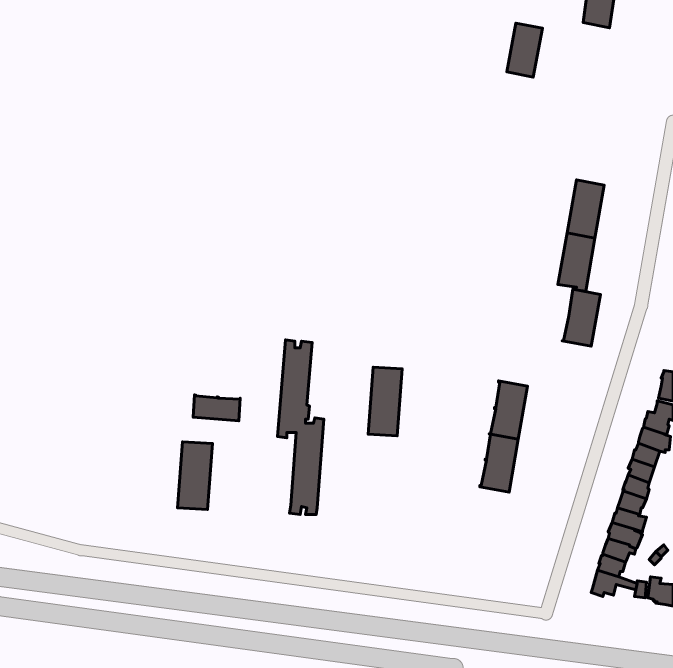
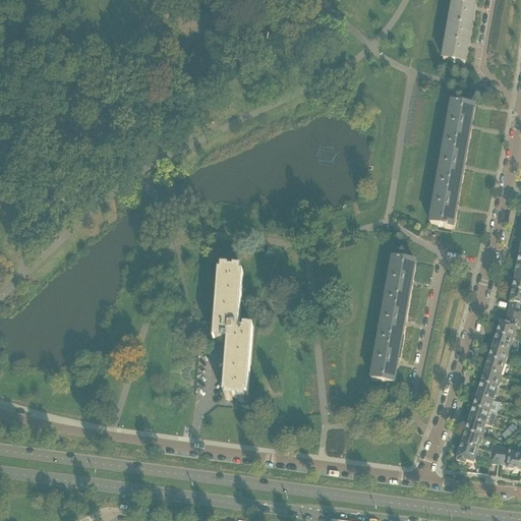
building: [507,23,542,77] -> [442,17,469,59]
building: none -> [444,98,472,142]
building: [562,289,601,346] -> [384,253,413,297]
building: [368,367,402,436] -> none
building: [193,395,240,421] -> none
building: [178,442,212,509] -> none

